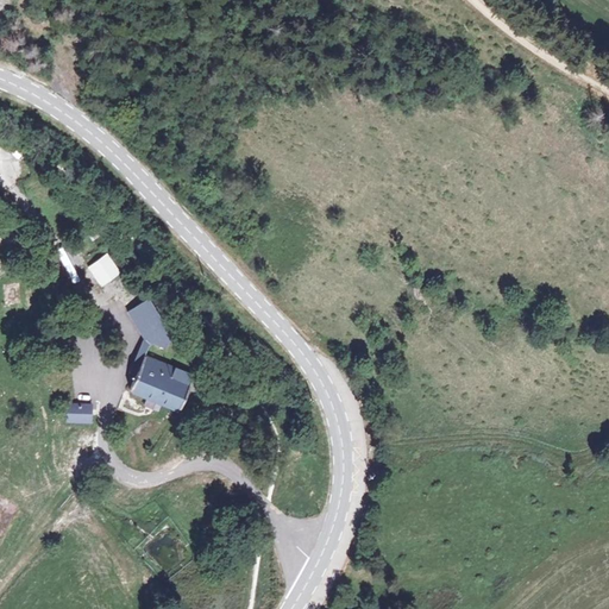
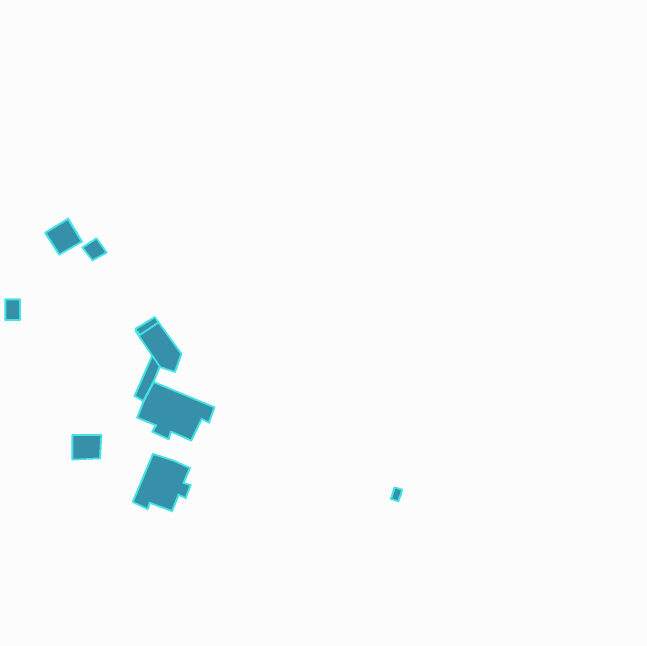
building: [88,250,123,283] -> [45,219,82,254]
building: none -> [133,454,191,511]

